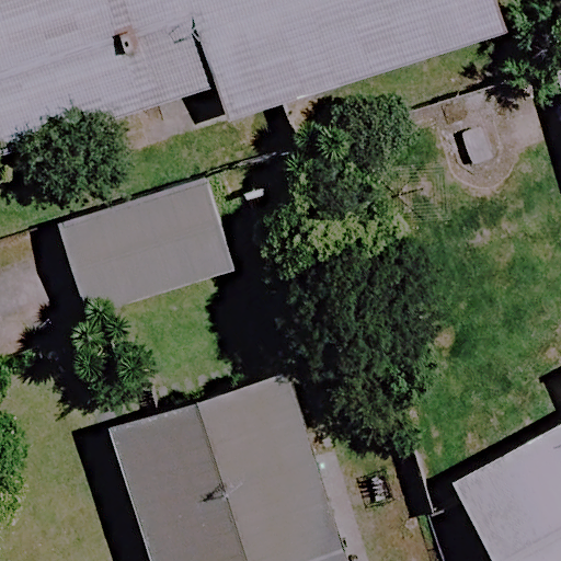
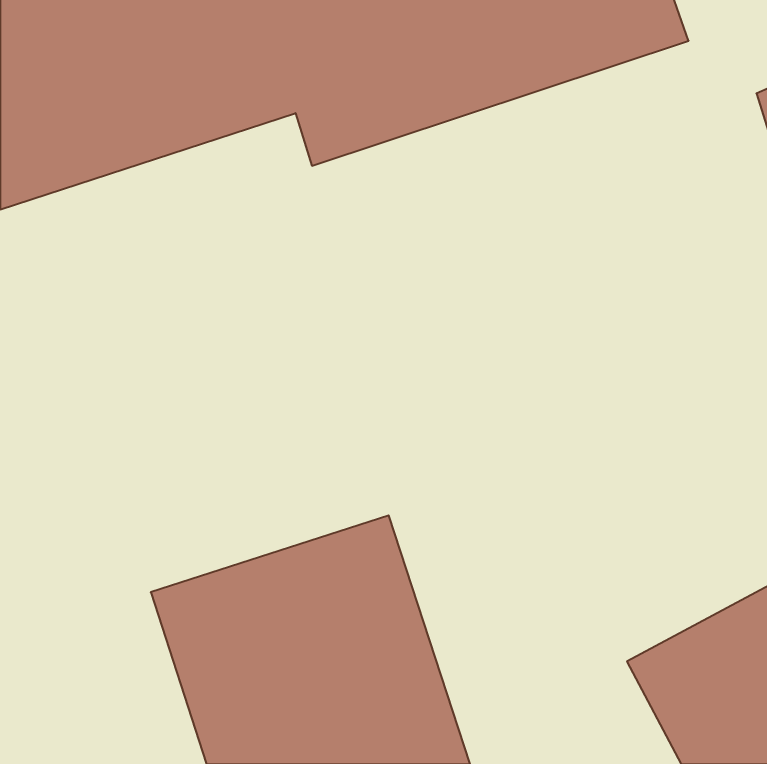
building: [55,167,233,312] -> none

